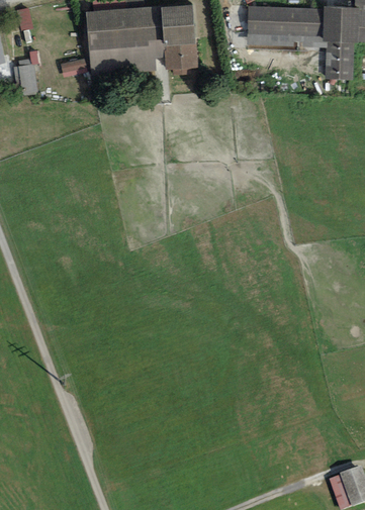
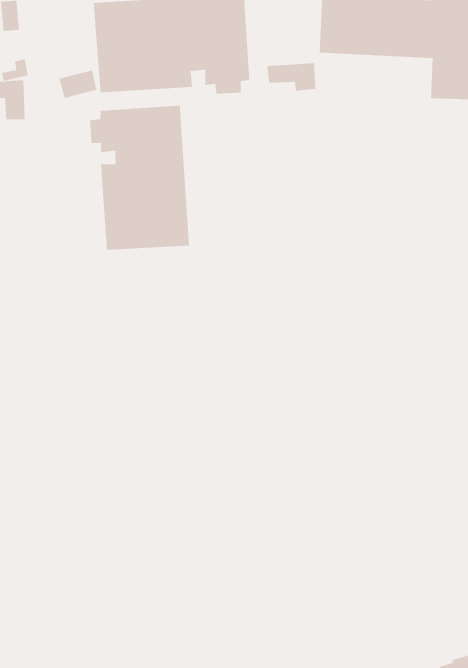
building: none -> [267,62,316,91]
building: none -> [89,105,189,251]

